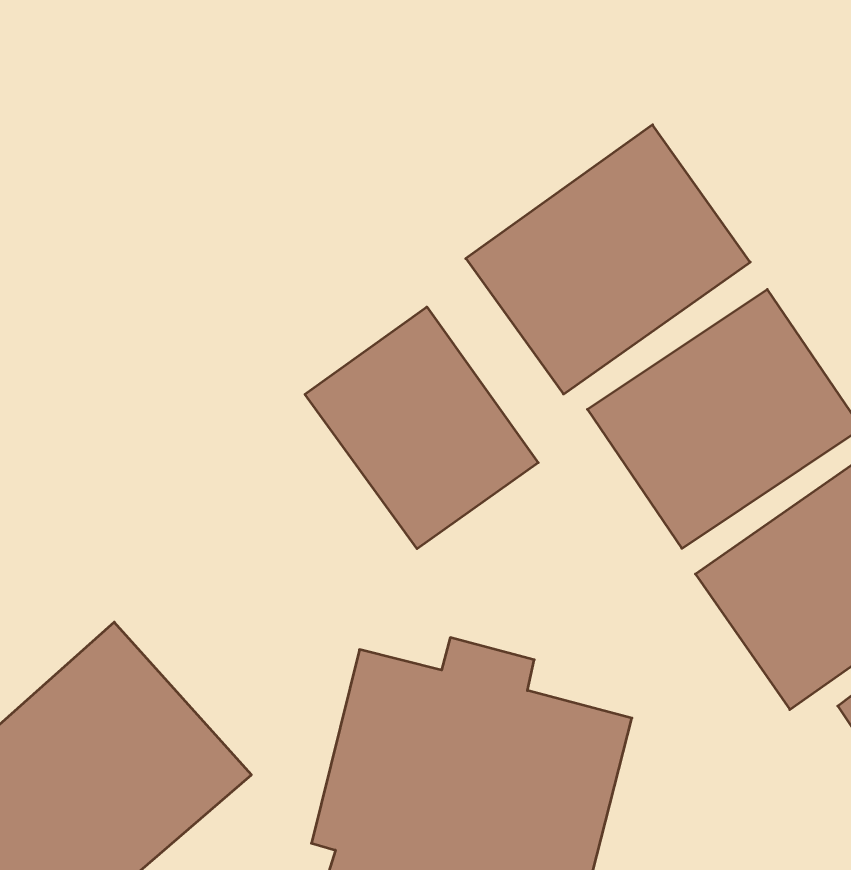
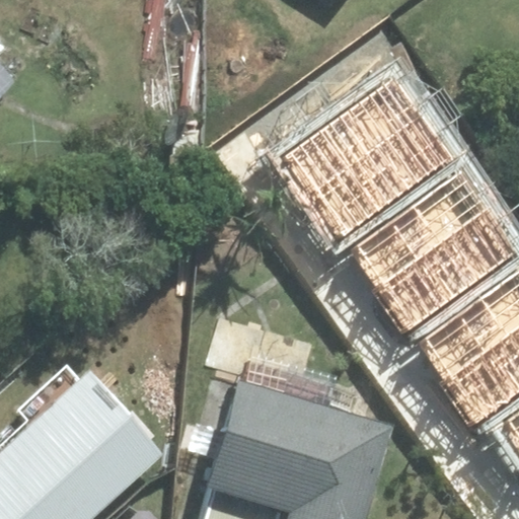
building: [305,307,538,549] -> none

